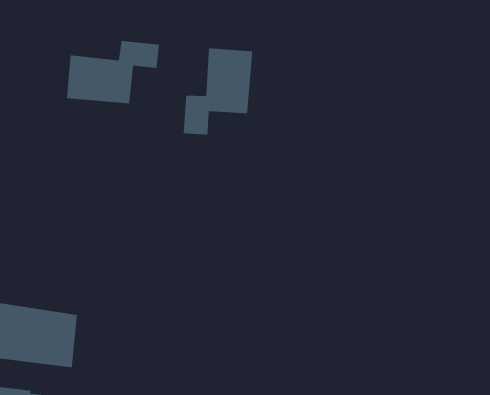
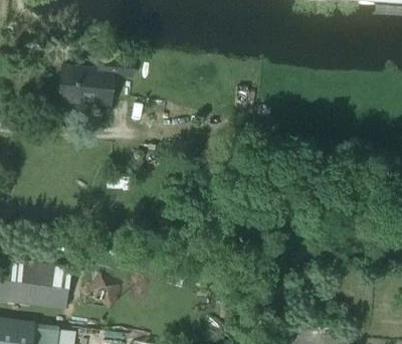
building: [183,48,253,135] -> none

